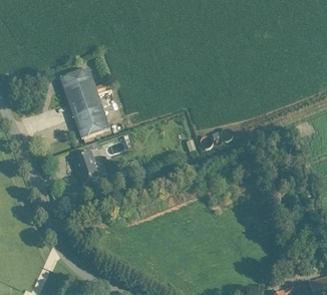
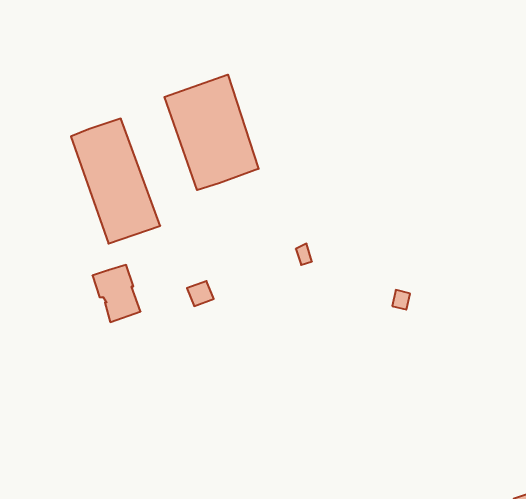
building: none -> [164,75,259,190]

